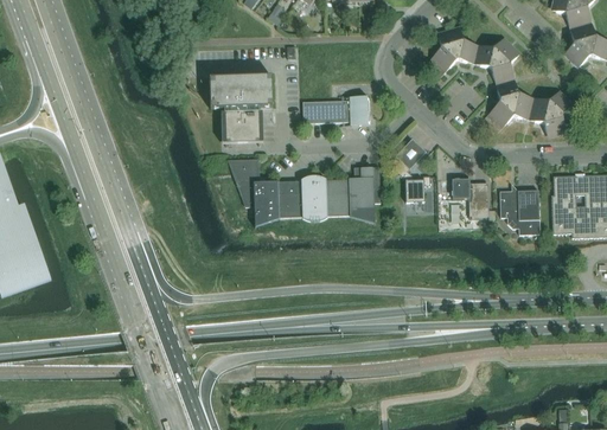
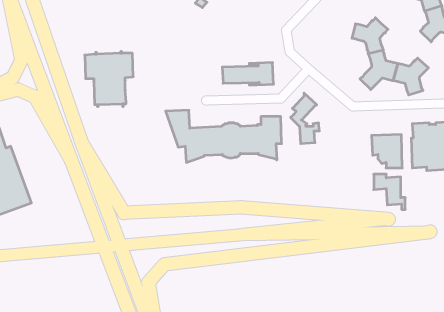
building: [427,25,478,76] -> none
building: [209,72,273,145] -> [85,52,133,106]
building: [452,178,493,224] -> [374,174,405,209]

